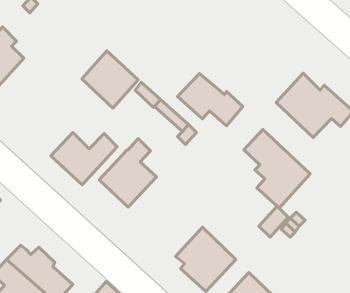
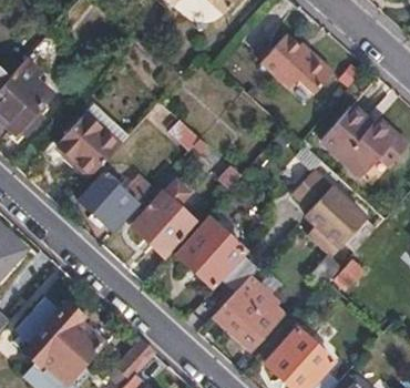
building: [82,51,138,108] -> [57,113,119,176]
building: [177,73,243,126] -> [260,33,332,91]
building: none -> [177,218,245,286]

